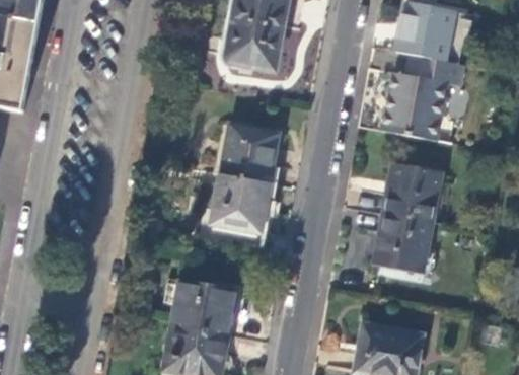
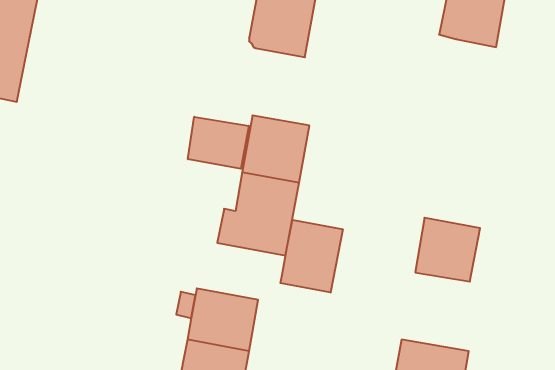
building: [379,56,462,143] -> none
building: none -> [188,117,249,169]
building: [382,164,441,224] -> none
building: none -> [280,220,343,293]

